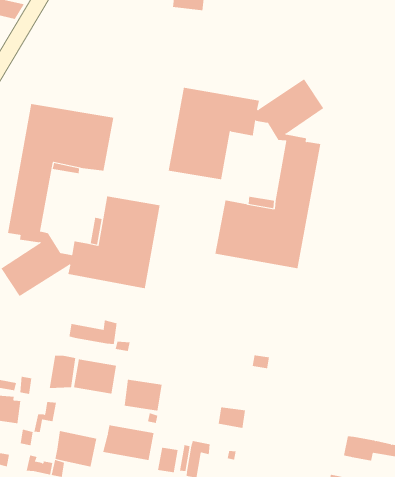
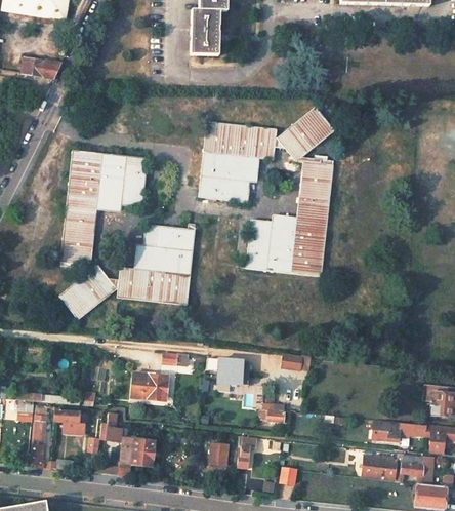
building: [69,319,117,345] -> none
building: [49,355,76,389] -> none
building: [124,379,163,411] -> [217,358,250,384]
building: [103,424,154,461] -> none

